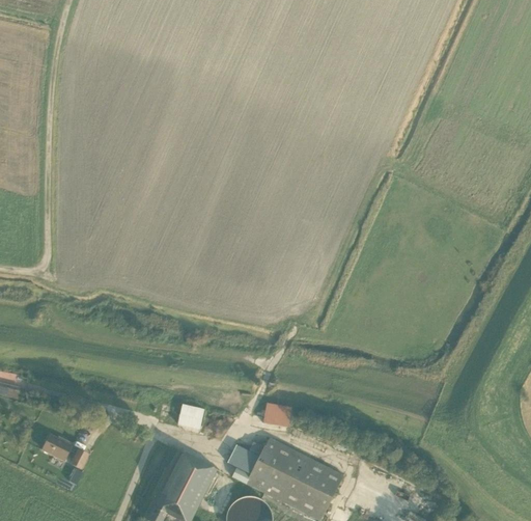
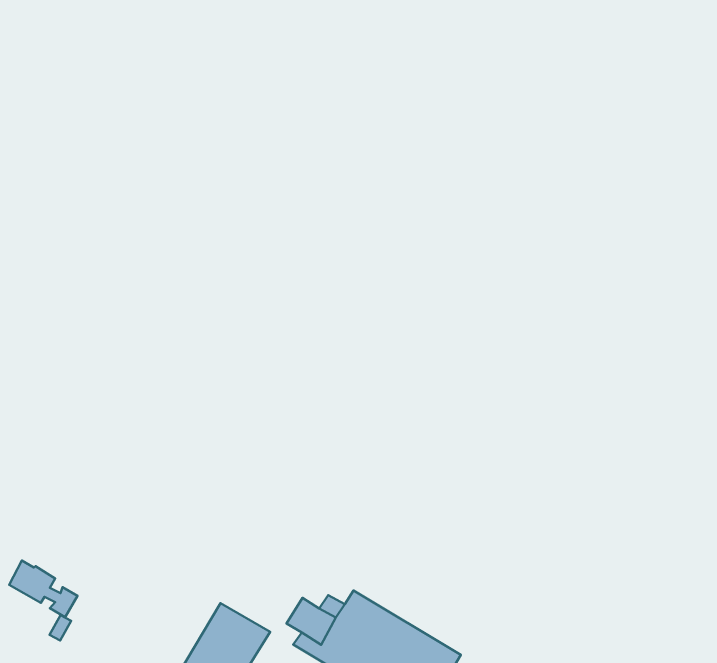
building: [266,404,292,428] -> none
building: [178,405,206,430] -> none

